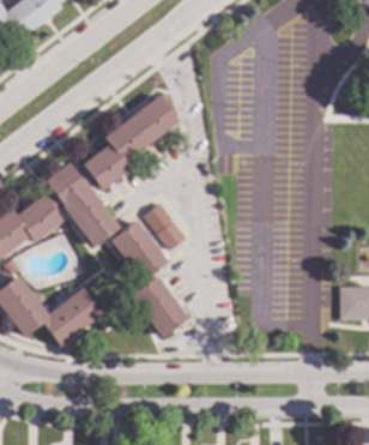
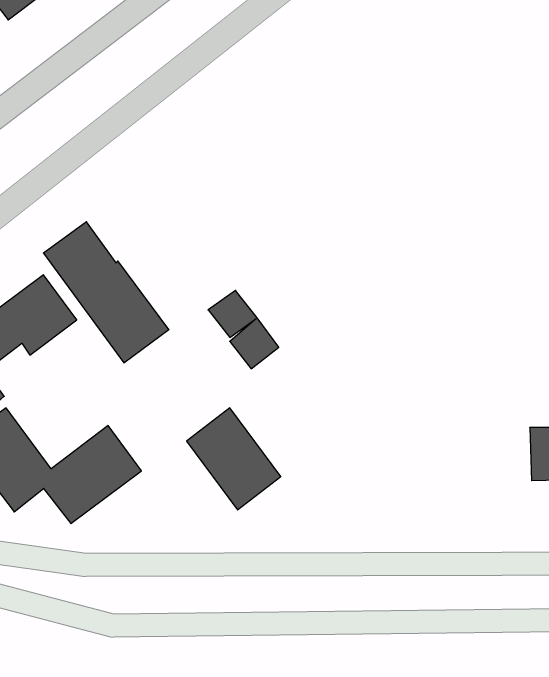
building: [81,94,180,190] -> none
building: [110,220,168,281] -> none

